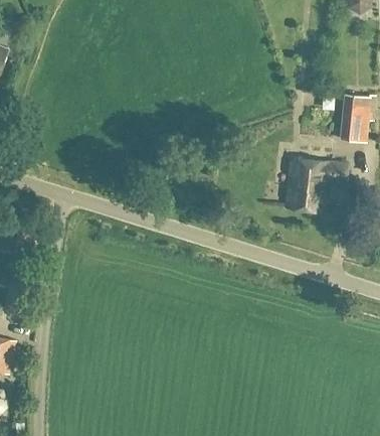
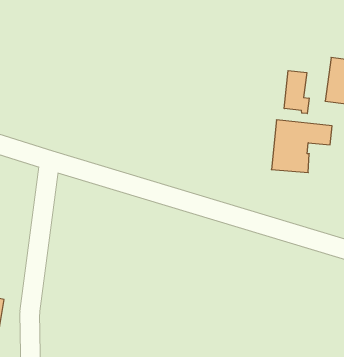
building: none -> [284,71,309,114]

